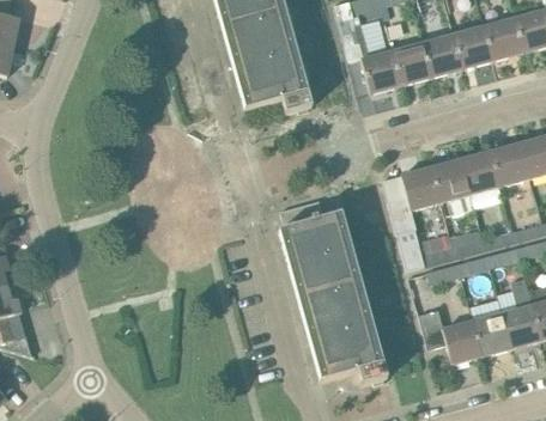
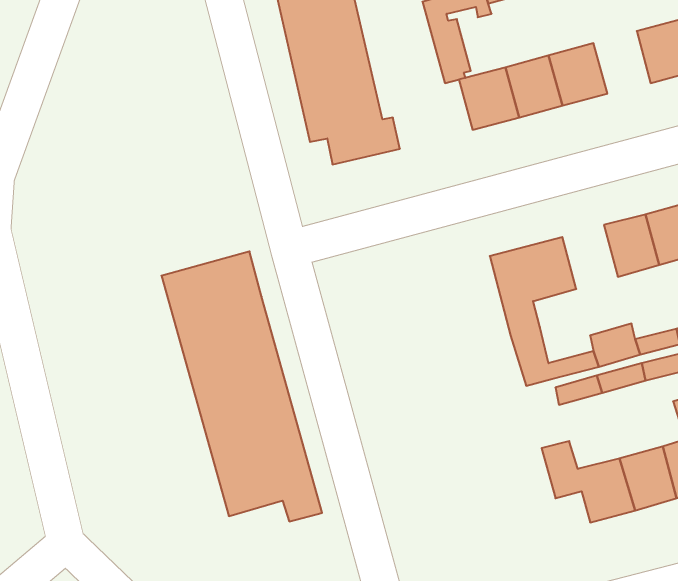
building: [454,25,493,68] -> none
building: [432,159,471,203] -> none
building: [275,197,387,384] -> [161,251,322,521]

